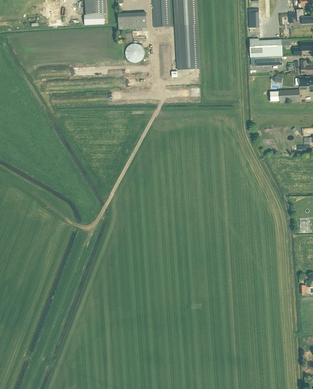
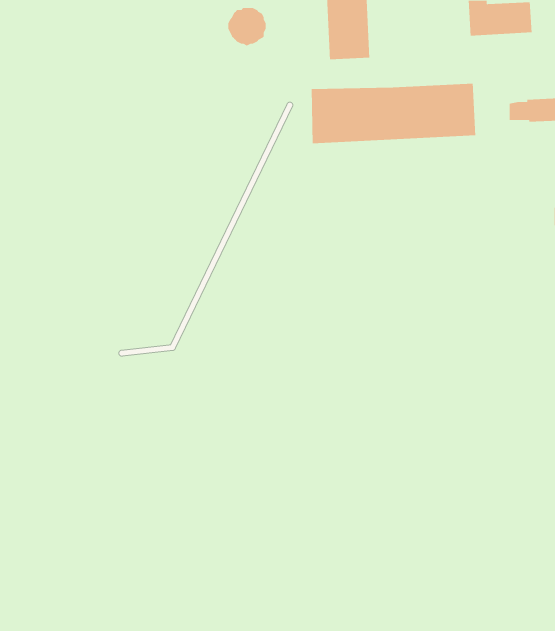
building: none -> [311,83,476,144]

